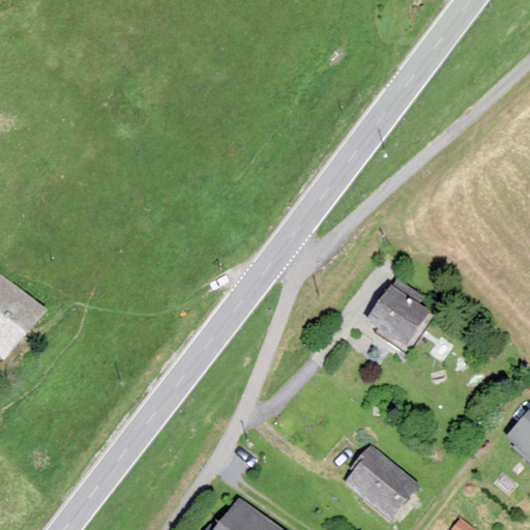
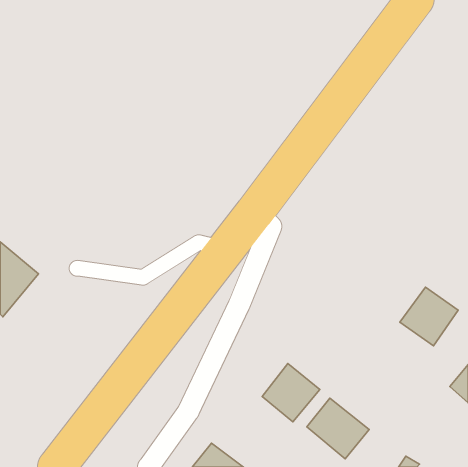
building: [367,281,434,347] -> [400,287,458,346]
building: none -> [262,364,320,422]

